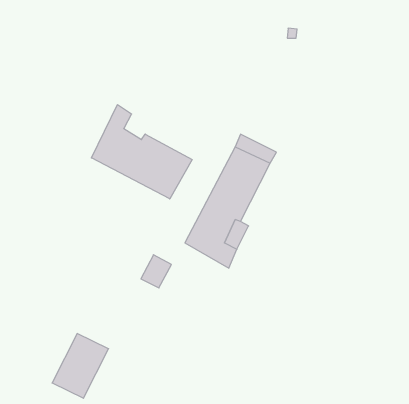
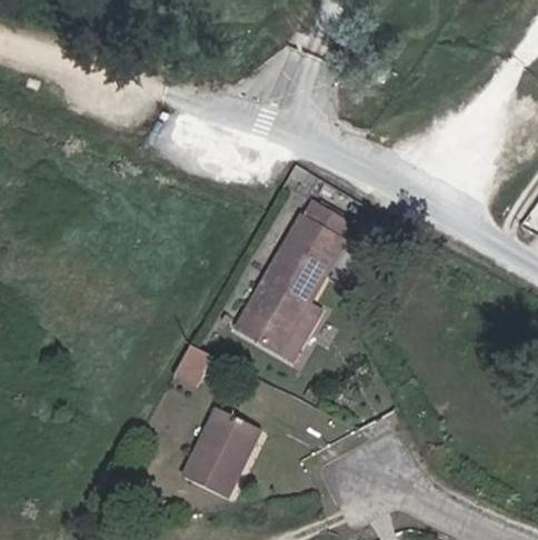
building: [91,105,192,199] -> none
building: [52,334,109,398] -> [192,408,262,488]

